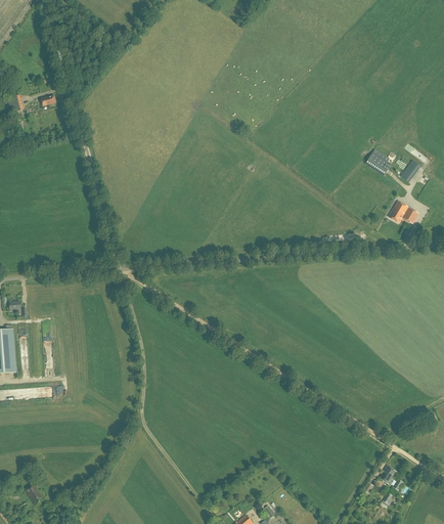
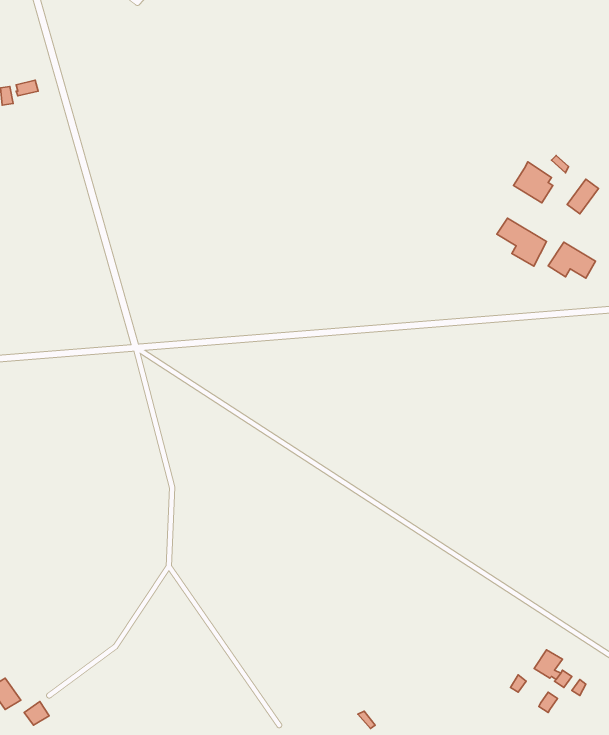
building: none -> [497,218,546,266]

